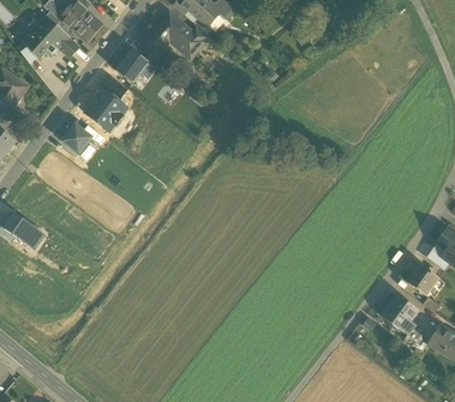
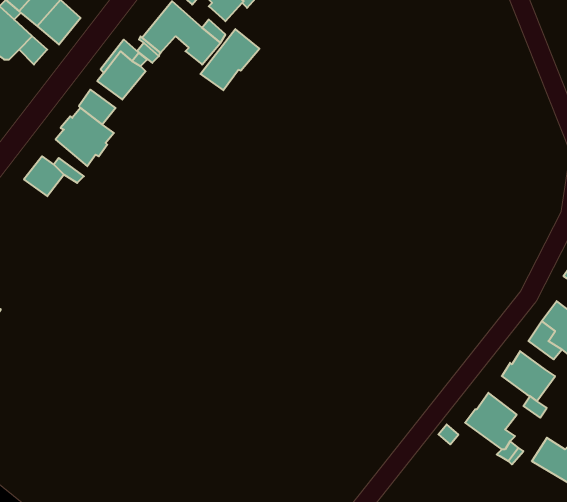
building: none -> [200,29,259,90]

